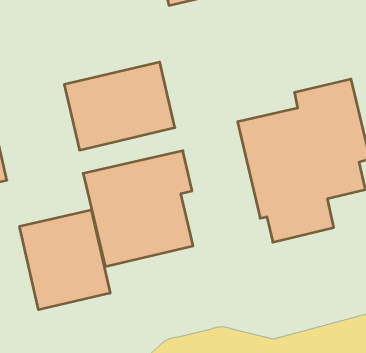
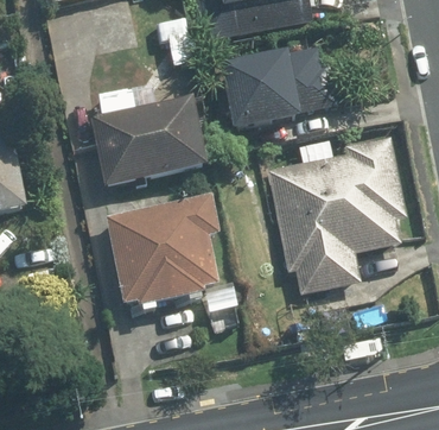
building: none -> [220,46,336,134]
building: [20,210,110,310] -> none

